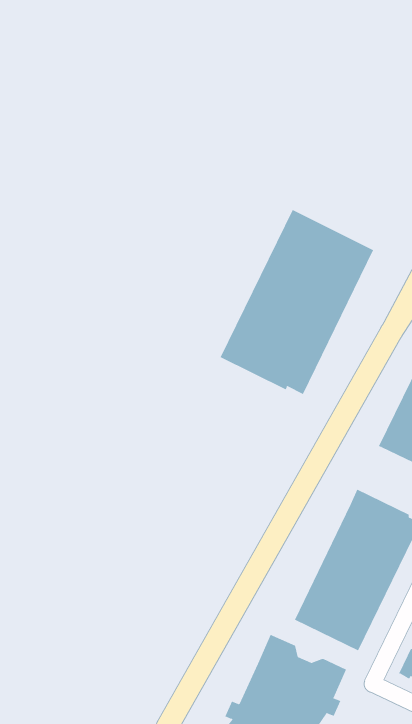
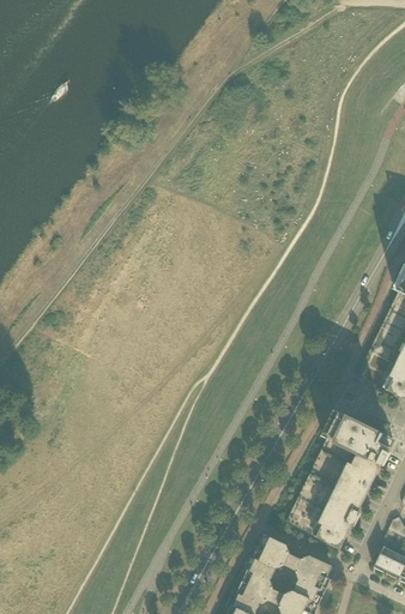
building: [220,209,374,395] -> none

